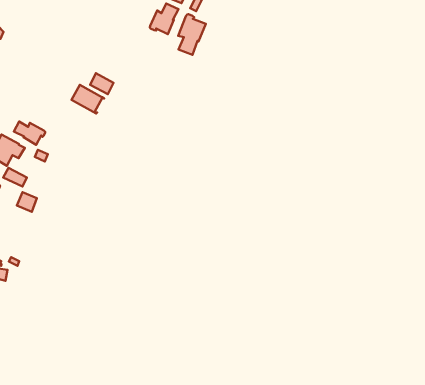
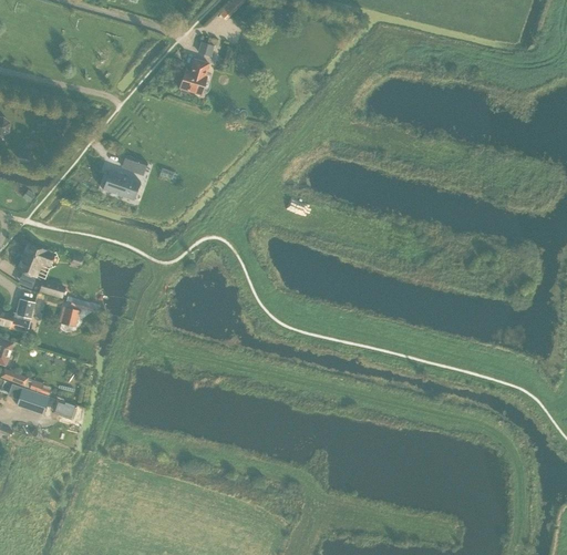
building: [178,14,206,55] -> none
building: [14,122,45,145] -> none

